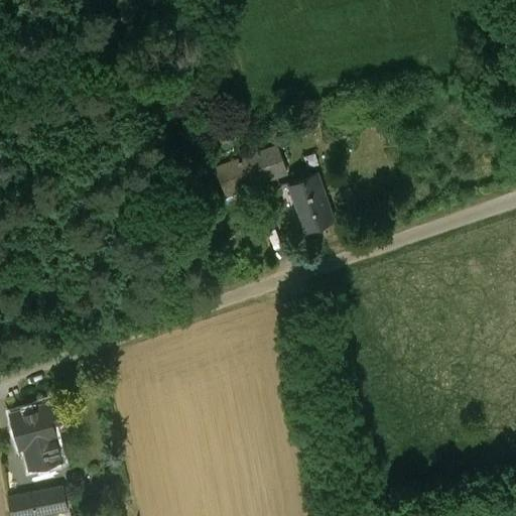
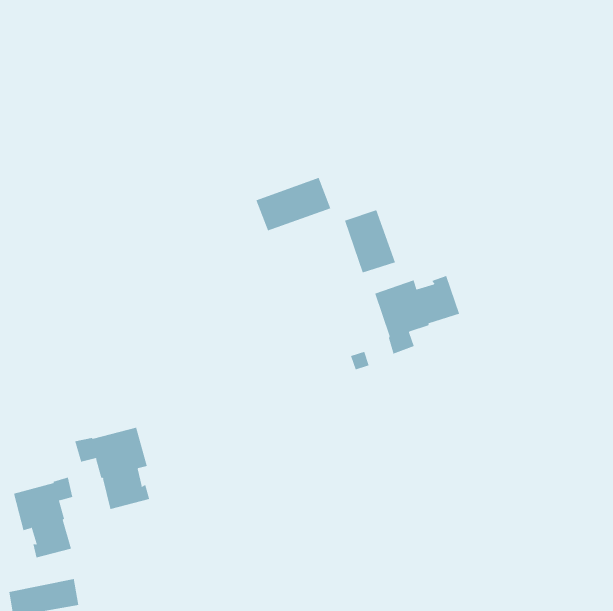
building: none -> [375,275,460,355]
building: none -> [75,427,150,510]

